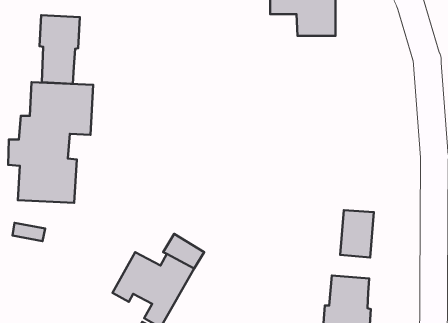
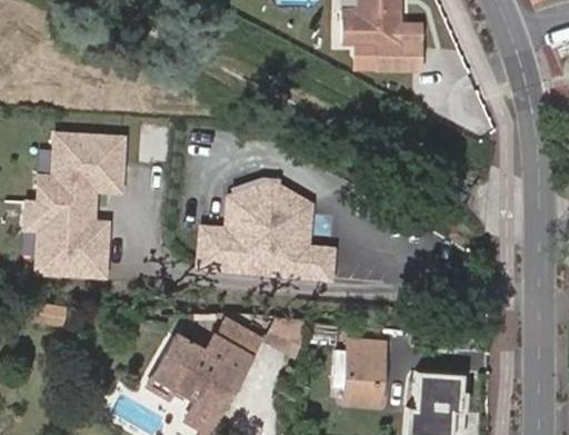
building: [40,15,80,84] -> none
building: none -> [200,192,332,277]
building: [340,210,374,257] -> [345,343,386,401]

